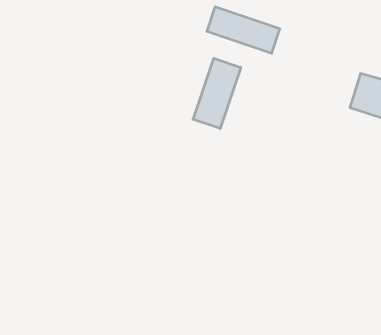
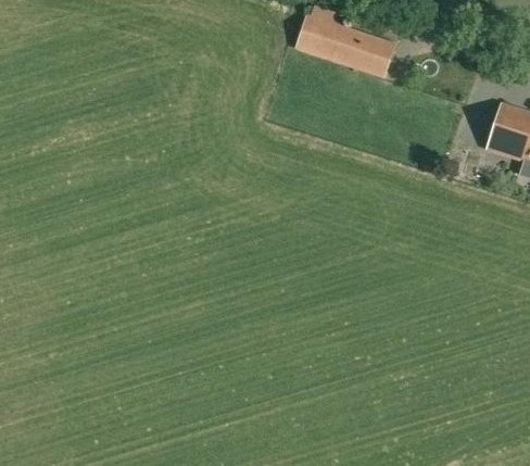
building: [193,58,241,129] -> none

